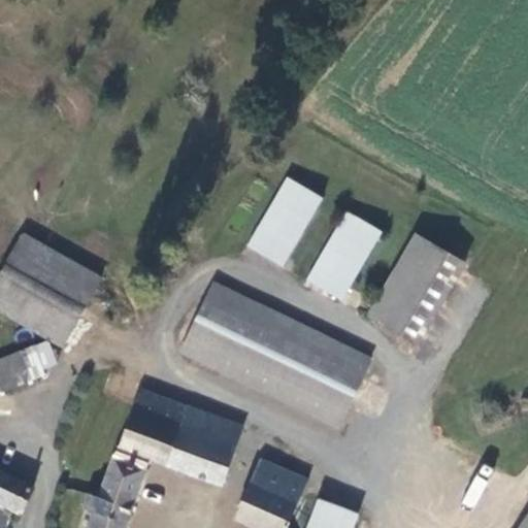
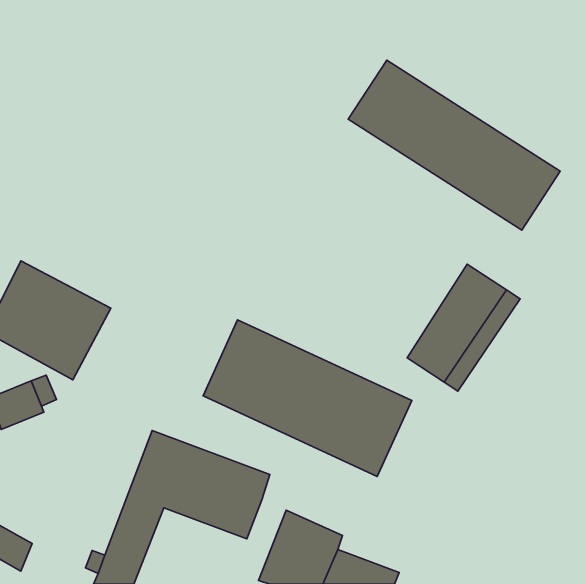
building: none -> [348,60,560,230]
building: [248,175,326,266] -> none
building: [308,212,390,303] -> none

